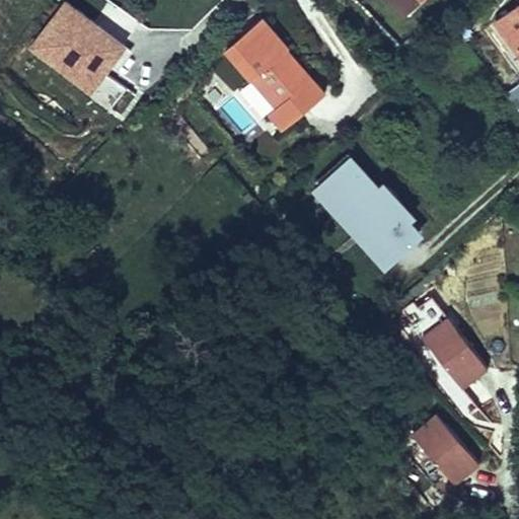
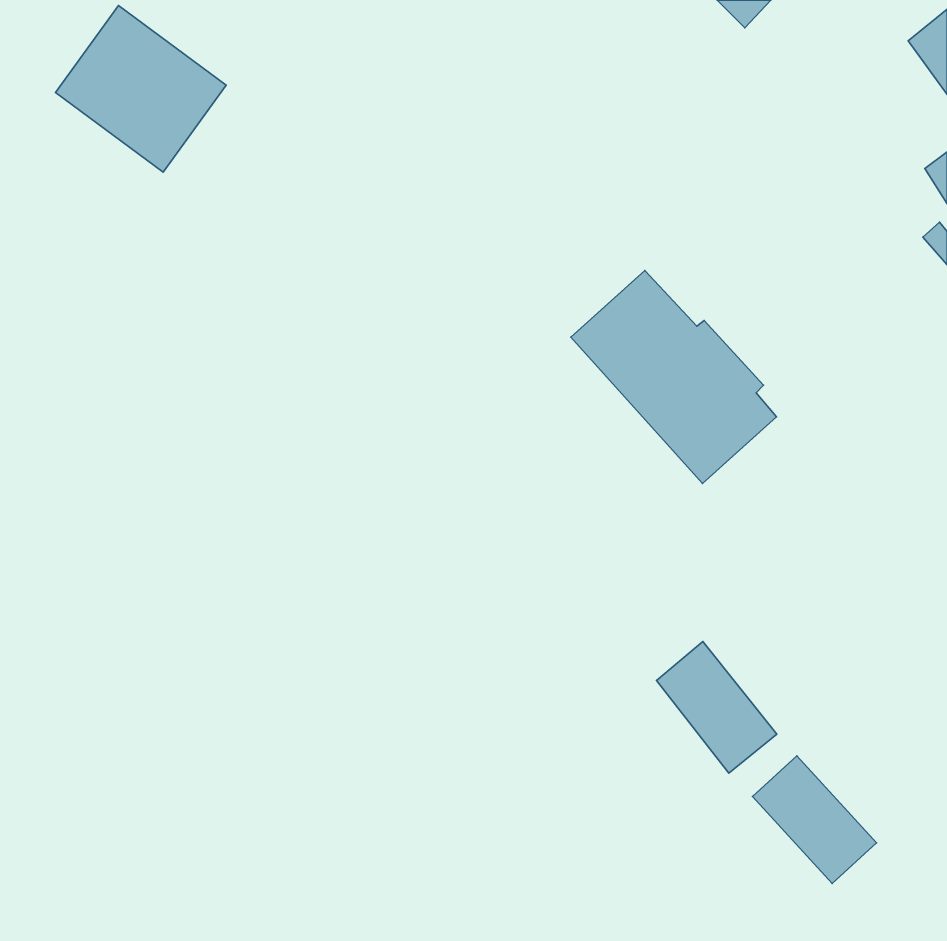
building: [223,19,324,132] -> none
building: [423,319,489,391] -> [657,642,777,773]

